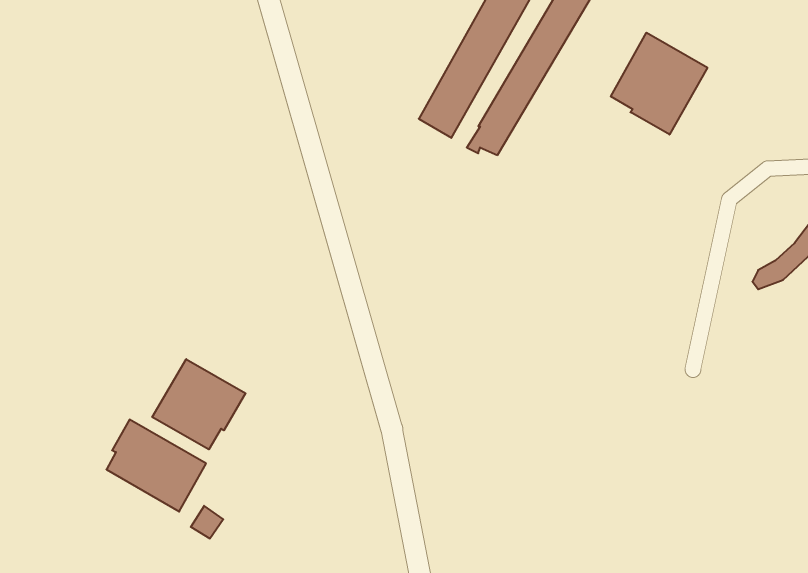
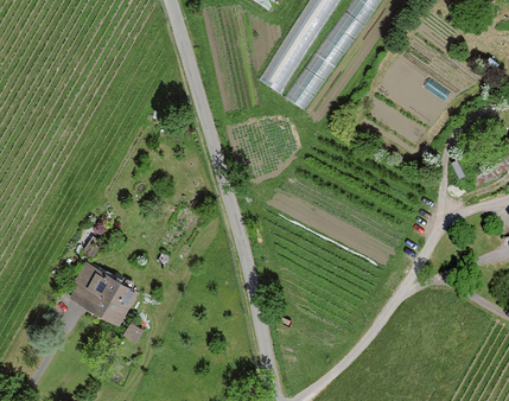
building: [611,33,707,135] -> none
building: [152,359,246,449] -> none

